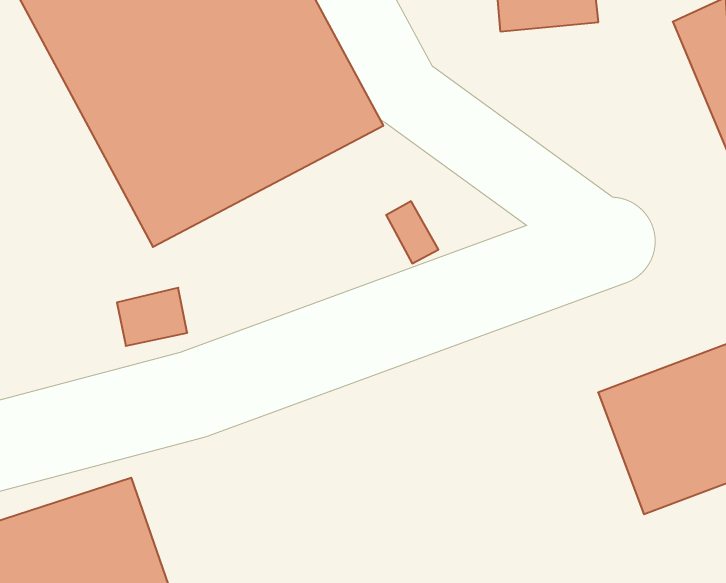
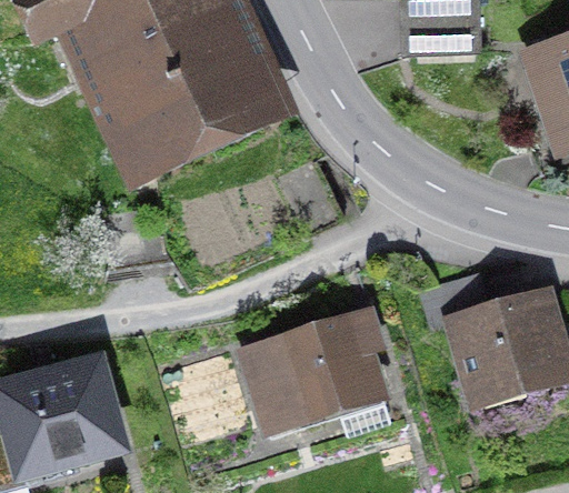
building: none -> [233,302,398,434]

